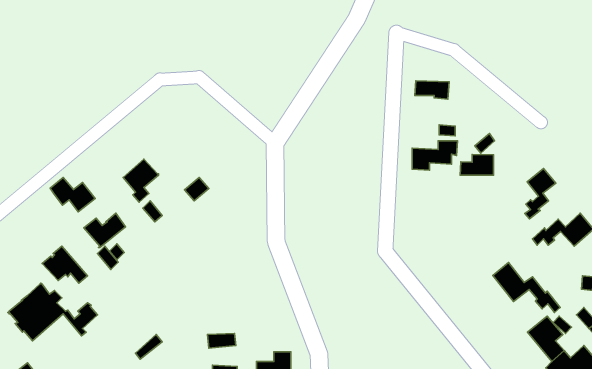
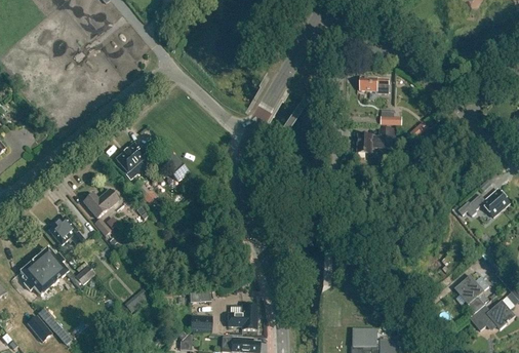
building: [460,155,494,175] -> none
building: [525,169,556,219] -> none
building: [50,177,95,212] -> none
building: [493,263,560,313] -> none

